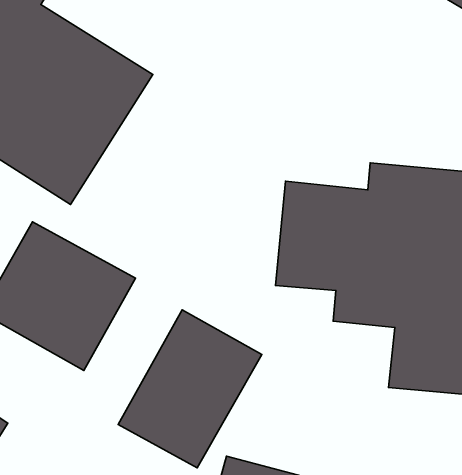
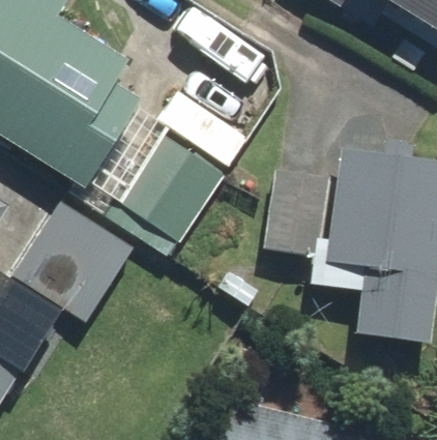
building: none -> [113,129,227,245]
building: [118,310,262,468] -> none

